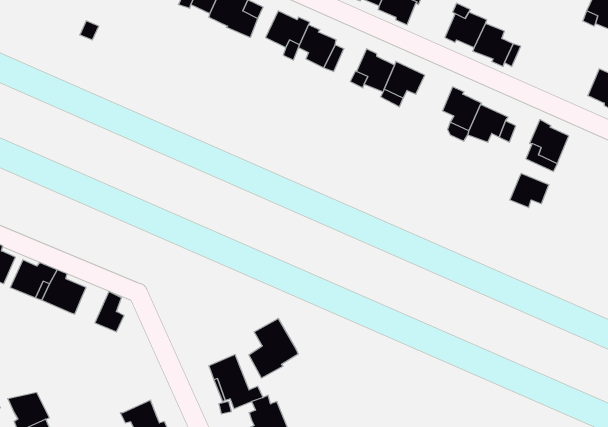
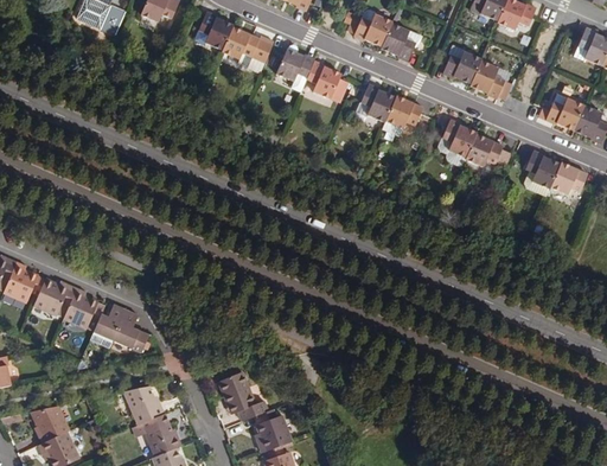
building: none -> [544,94,587,127]
building: [510,173,549,208] -> [549,162,586,194]
building: none -> [95,306,127,340]
building: [249,318,298,378] -> none
building: none -> [126,385,166,424]

